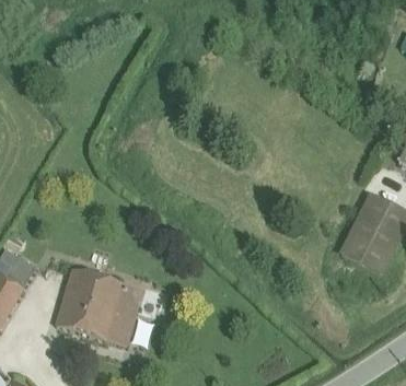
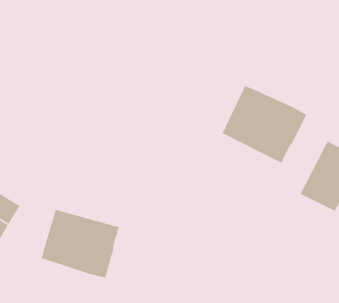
building: none -> [222,85,307,164]

